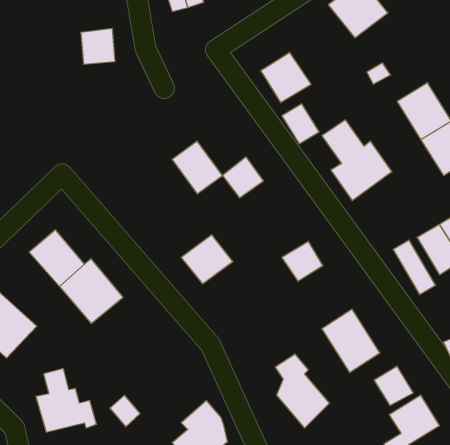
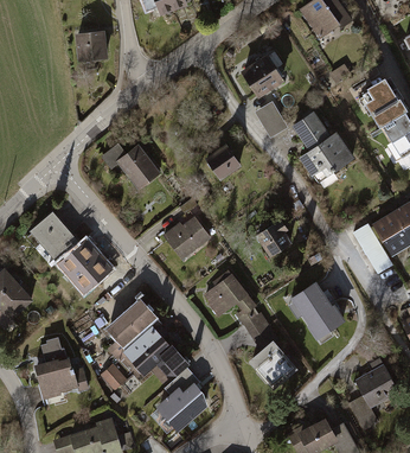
building: [172,141,222,194] -> [115,145,160,192]
building: none -> [204,274,268,336]
building: none -> [109,298,187,379]
building: [374,366,413,406] -> none

